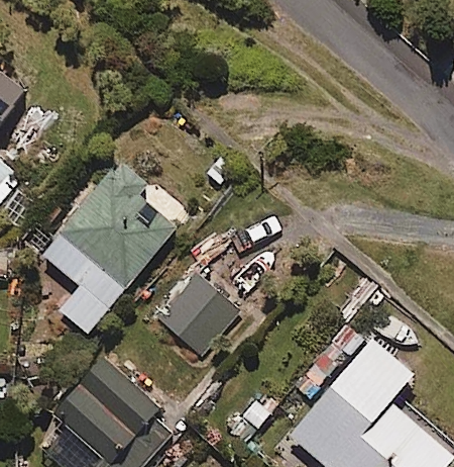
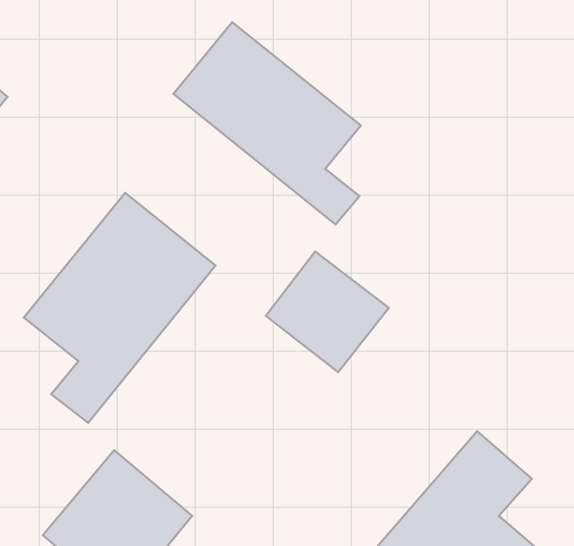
building: none -> [174,22,361,225]
building: [154,272,245,361] -> [266,252,389,372]

